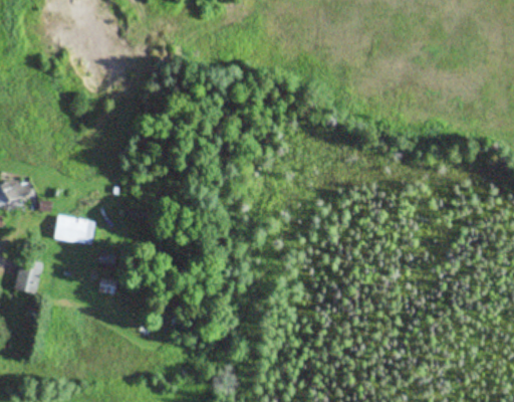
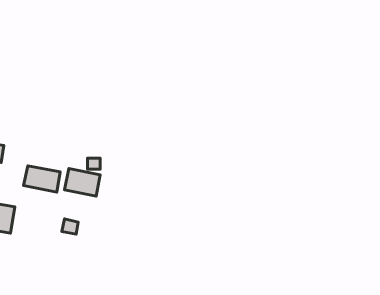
building: none -> [65,168,100,196]

